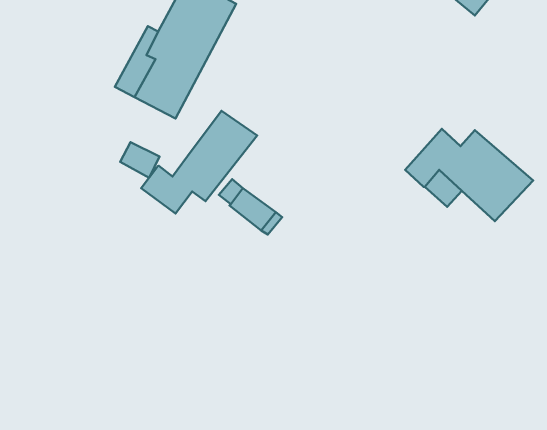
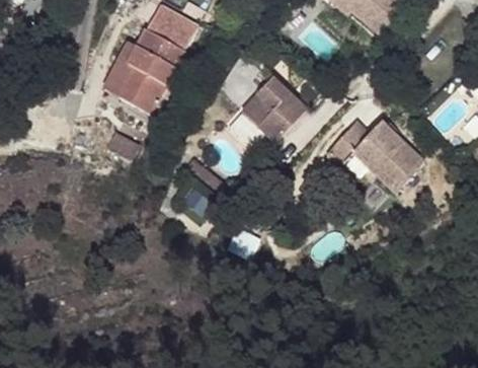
building: none -> [241,76,306,140]
building: [141,111,257,213] -> none

